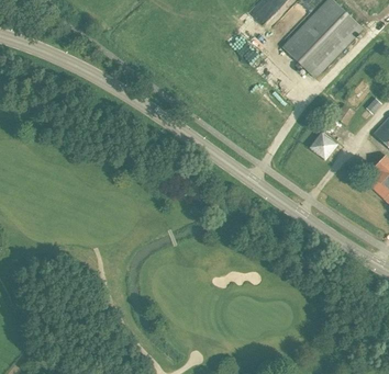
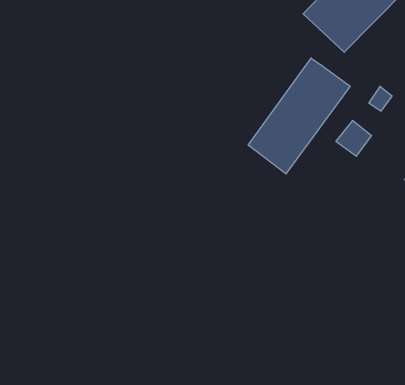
building: none -> [248,58,350,174]

